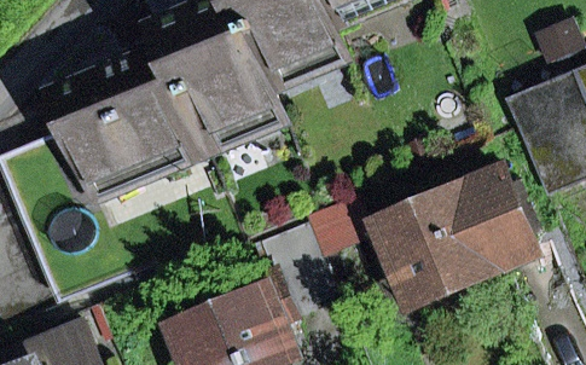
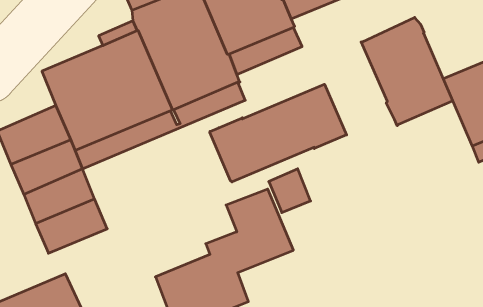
building: none -> [361,17,453,126]
building: none -> [210,84,347,182]
building: [387,178,538,300] -> none

